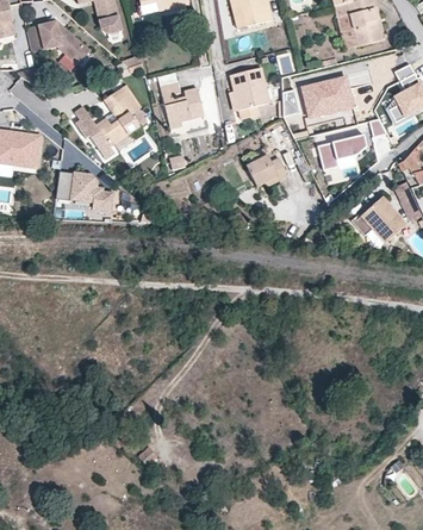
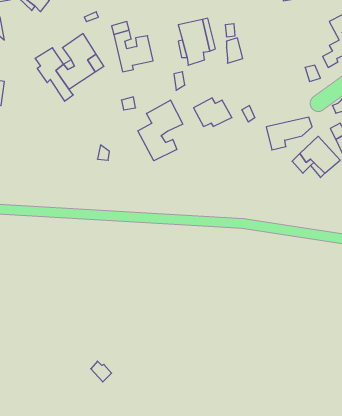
building: [301,76,354,118] -> none
building: [317,135,367,170] -> [266,117,312,150]
building: none -> [138,100,183,161]
building: [57,172,113,210] -> none

